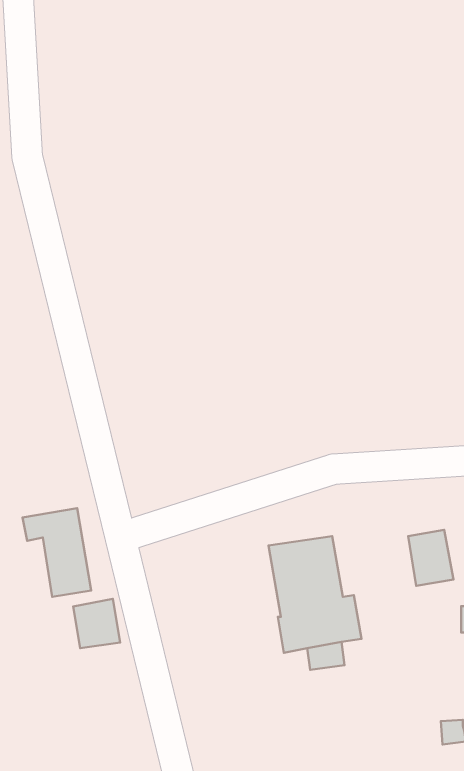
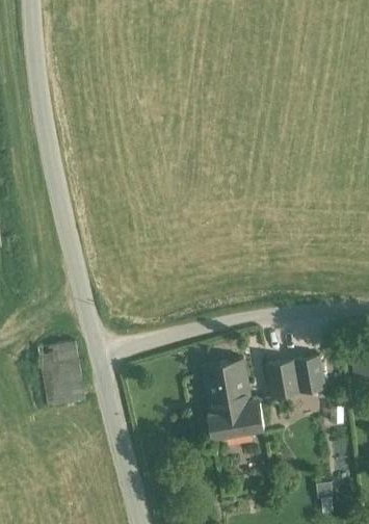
building: none -> [266,361,300,399]
building: [73,599,120,648] -> none

